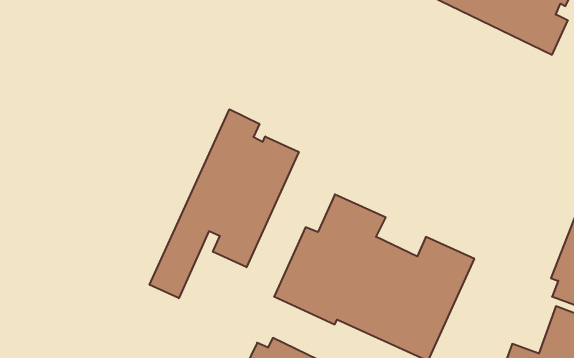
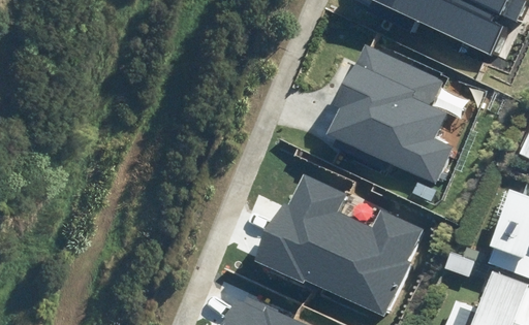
building: none -> [326,44,454,183]
building: [150,109,299,298] -> none

